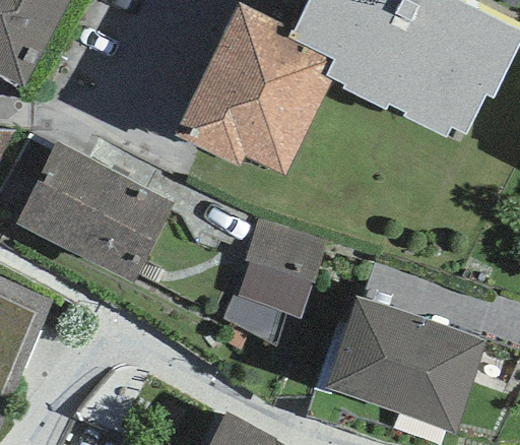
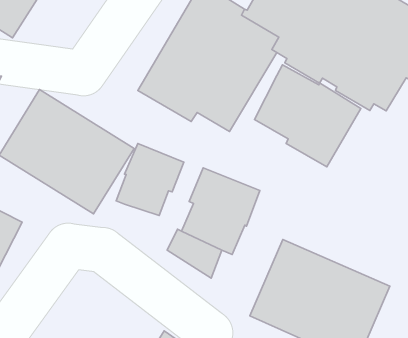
building: none -> [254,65,361,167]
building: none -> [116,143,184,216]

